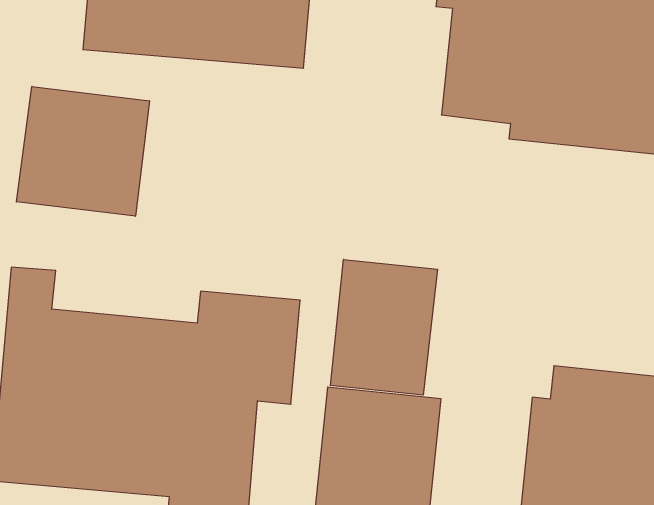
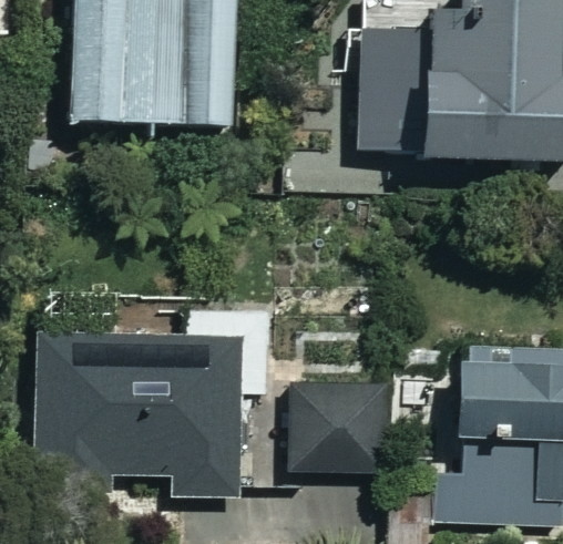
building: [16,86,149,216] -> none
building: [330,259,437,395] -> none

